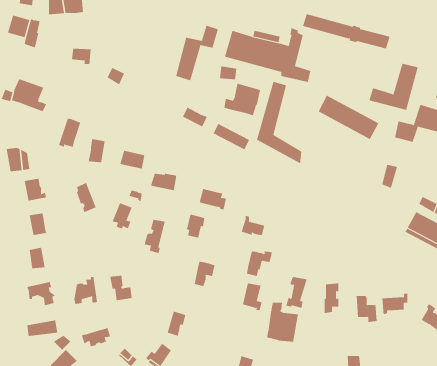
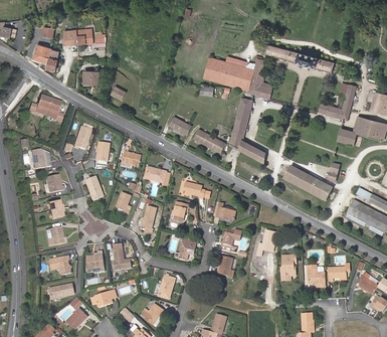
building: [175,25,218,81] -> none
building: [224,83,261,116] -> none
building: [318,95,379,140] -> [283,165,332,200]
building: [267,302,298,342] -> none

